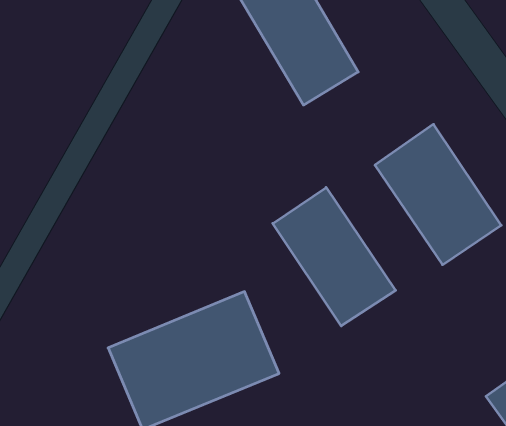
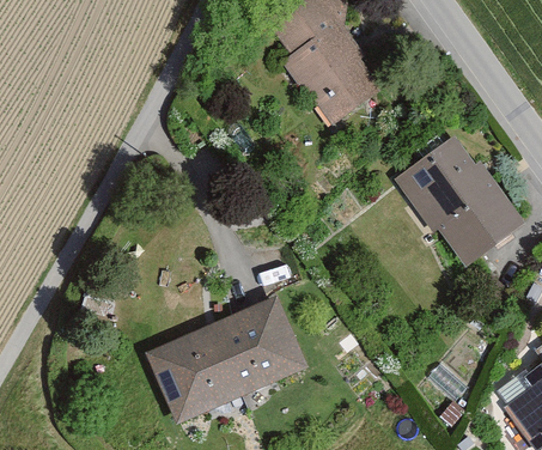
building: [273,187,396,326] -> none

